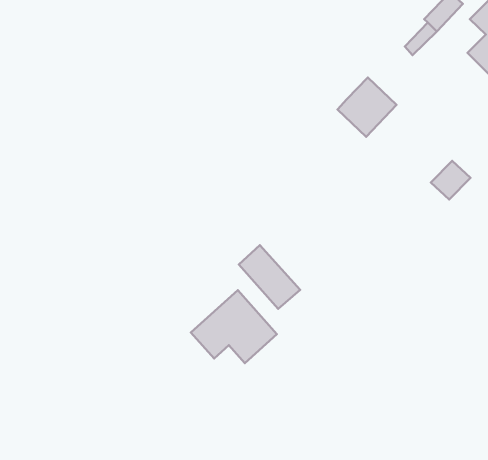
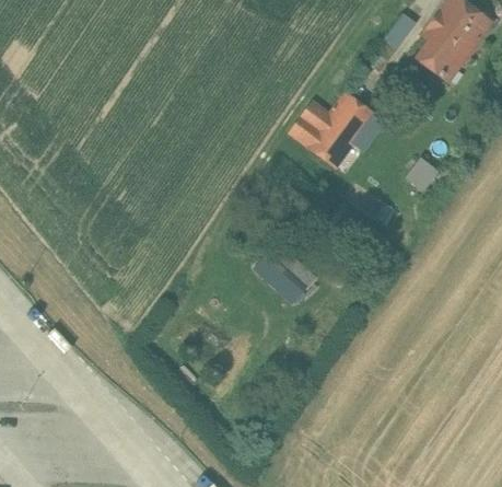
building: none -> [291,103,350,165]
building: [191,290,277,363] -> none

